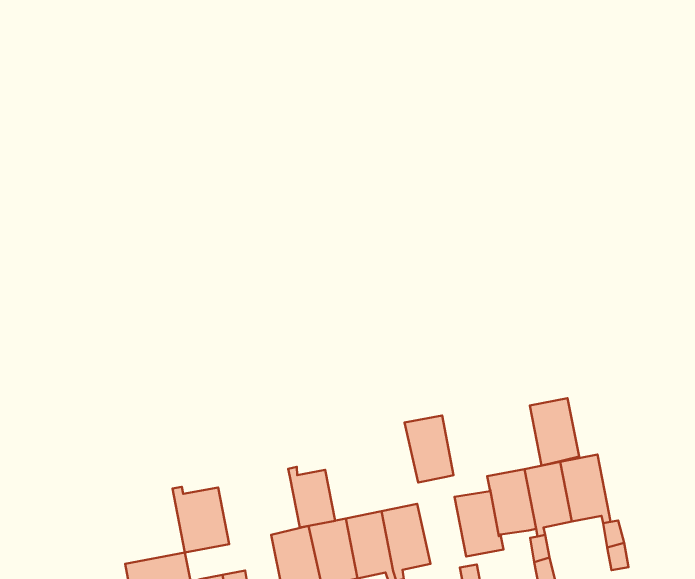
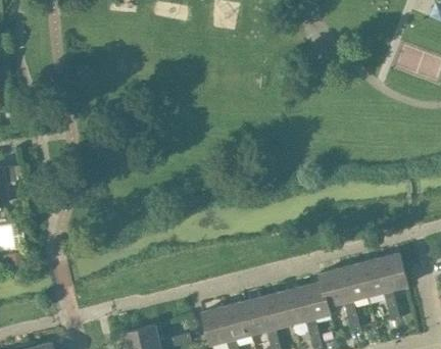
building: [530,398,579,465] -> [380,254,408,292]
building: [405,415,454,483] -> [282,287,310,325]
building: [288,467,335,527] -> none
building: [173,487,229,552] -> none

